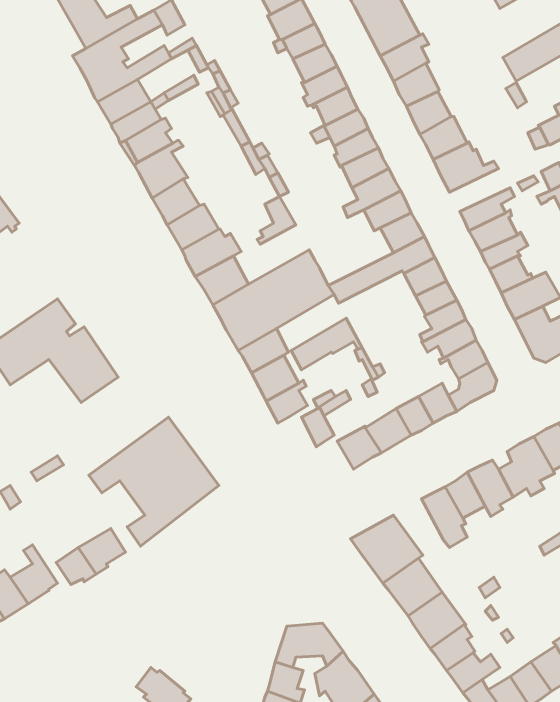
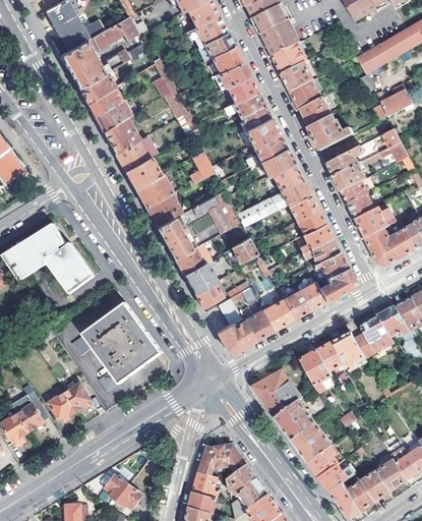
building: none -> [215,320,253,350]

